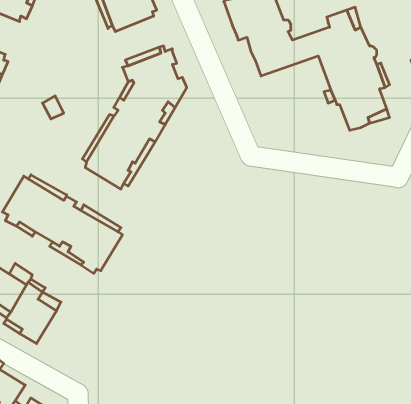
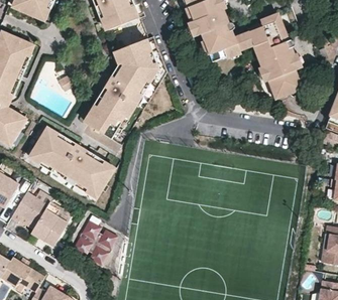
building: none -> [73,216,116,264]

